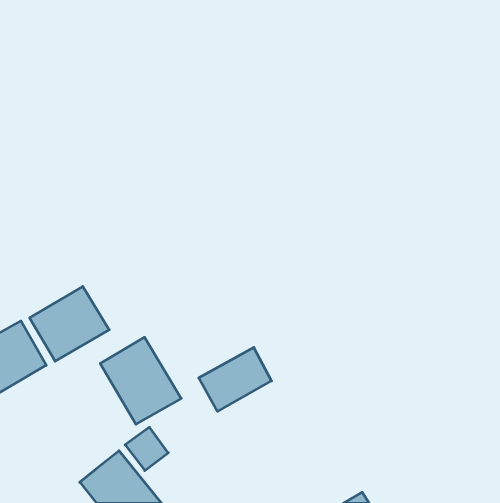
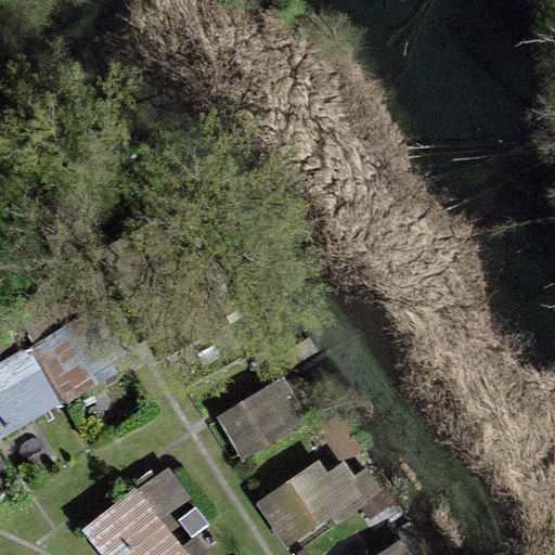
building: [100,337,181,424] -> none
building: none -> [258,466,358,543]

